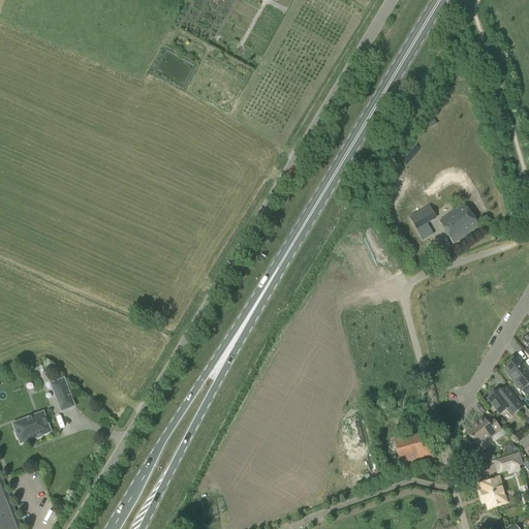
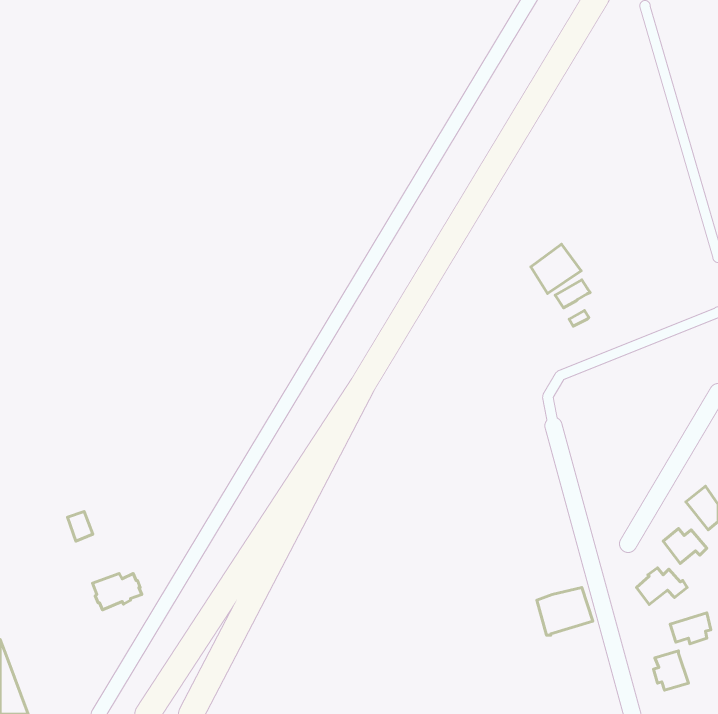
building: [440,204,477,240] -> [531,244,581,293]
building: [13,413,50,440] -> [93,573,142,610]

